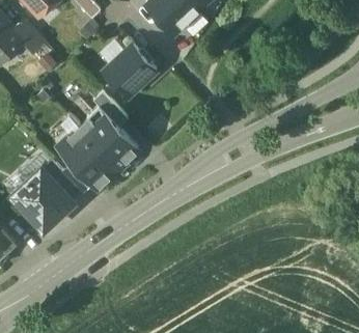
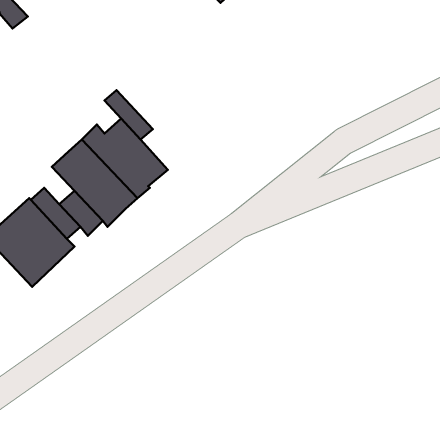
building: [103,46,156,99] -> none

